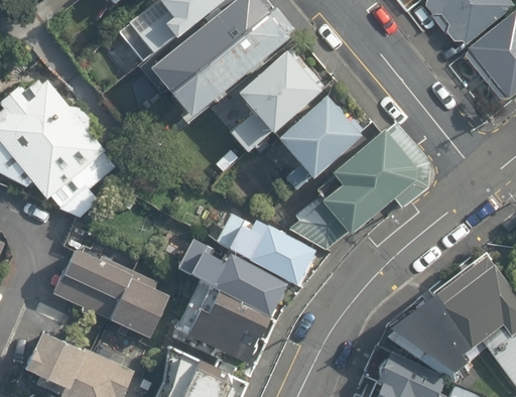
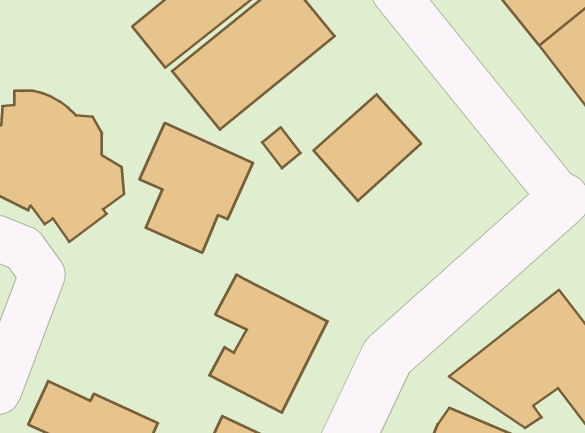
building: [231,44,326,137] -> none
building: none -> [140,123,253,253]
building: [291,128,421,251] -> none
building: [212,208,317,291] -> none
building: [49,242,173,343] -> none

